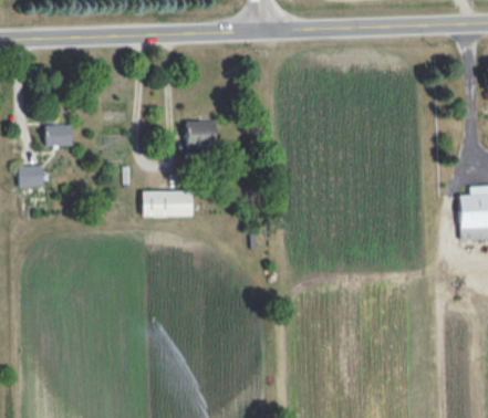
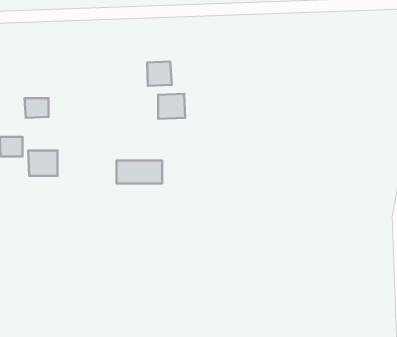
building: none -> [147,62,172,86]
building: none -> [28,150,58,176]

